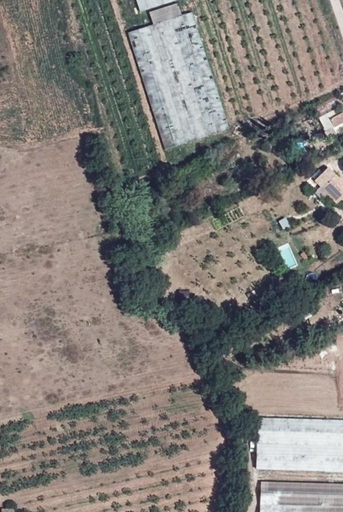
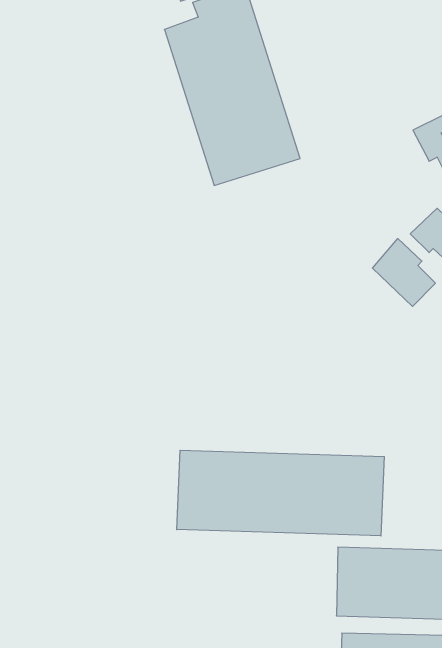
building: none -> [372,239,435,306]
building: none -> [177,450,384,536]

